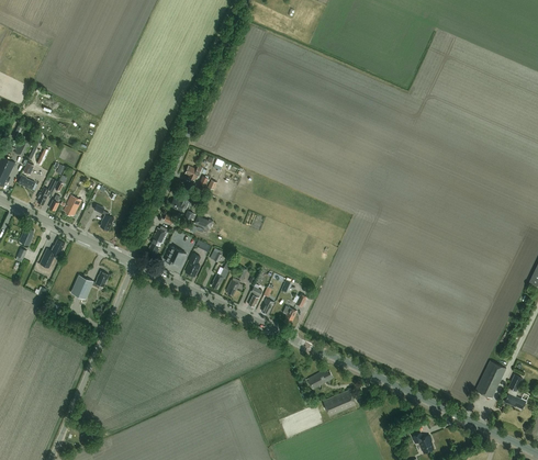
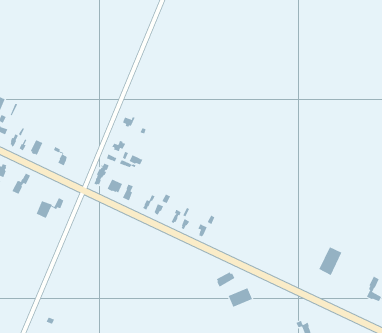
building: [477,360,507,399] -> [319,247,342,276]

